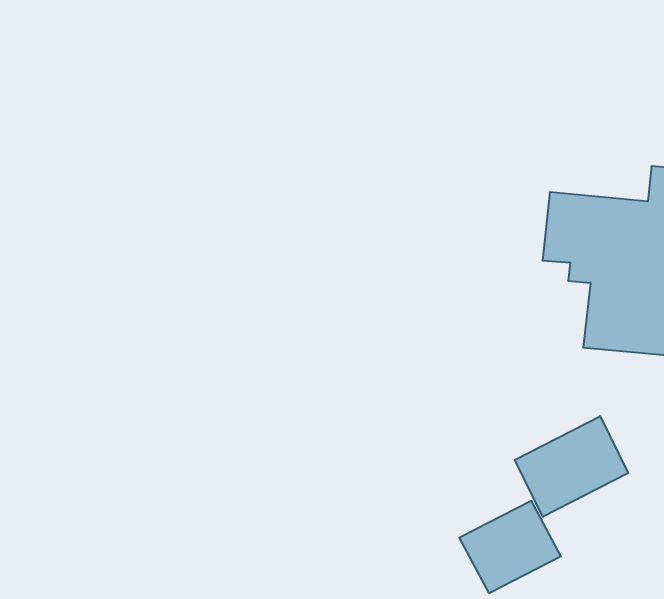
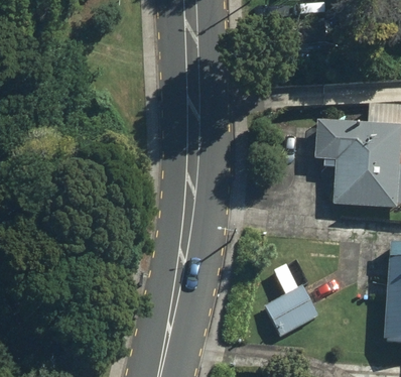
building: [515,416,628,517] -> none

